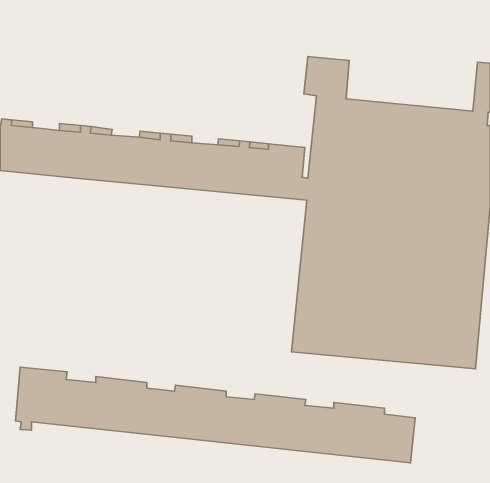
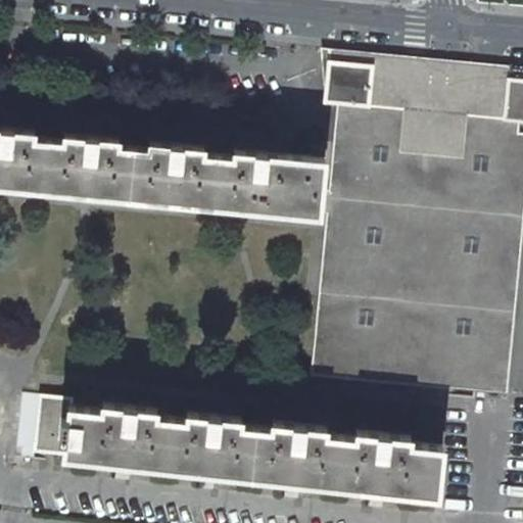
building: none -> [328,57,509,126]

